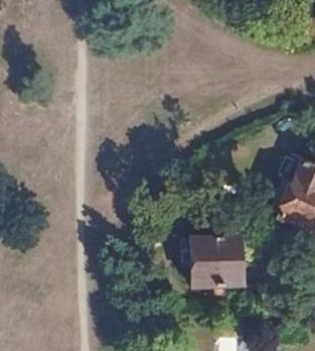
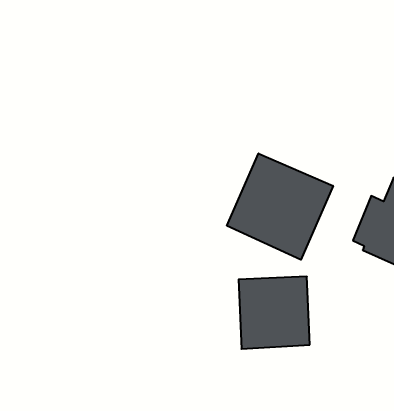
building: none -> [227,153,333,260]

